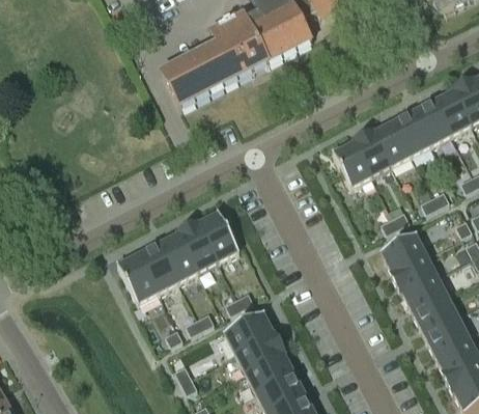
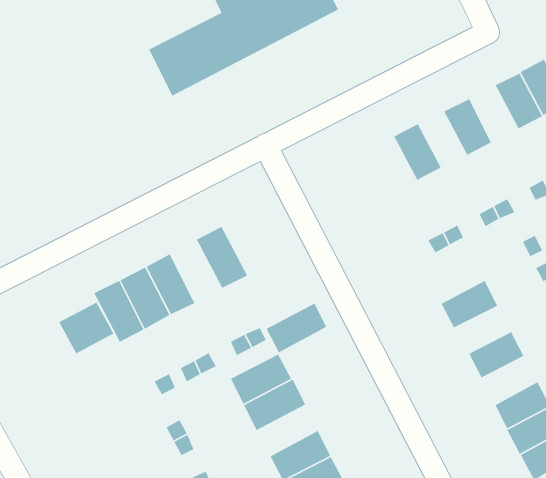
building: [414,99,452,144] -> none
building: [373,119,412,164] -> none
building: [333,139,372,186] -> none
building: [177,220,219,271] -> none
building: [382,231,426,271] -> none
building: none -> [58,301,115,354]
building: [401,273,447,310] -> none
building: [423,312,468,351] -> none
building: [246,351,294,391] -> [265,302,327,353]

